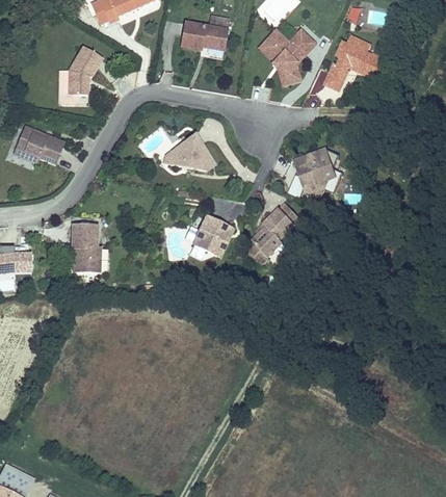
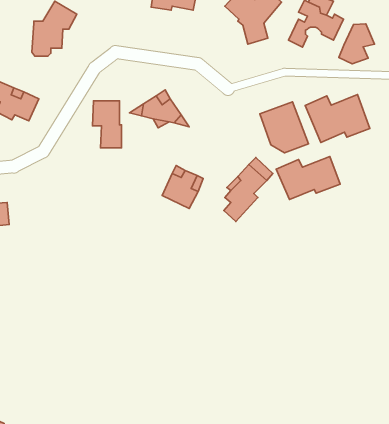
building: none -> [339,24,374,64]
building: none -> [305,95,370,142]
building: none -> [276,156,340,200]
building: [70,223,100,271] -> [93,101,121,148]

